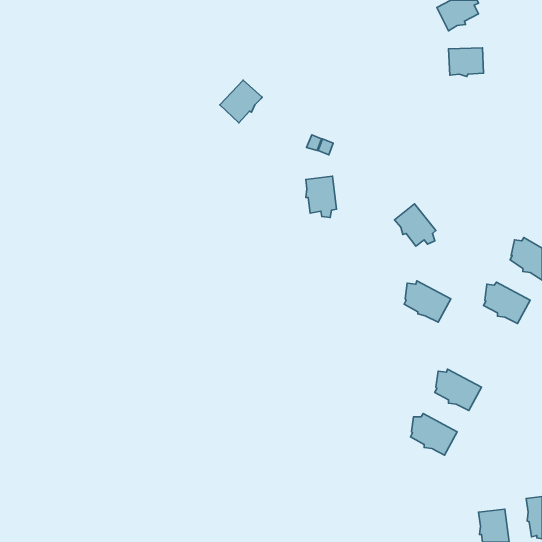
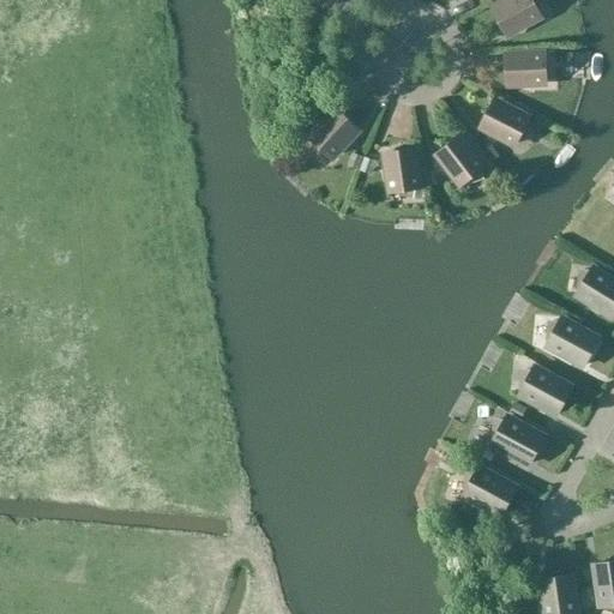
building: [220,80,262,123] -> [311,110,359,158]
building: none -> [482,101,529,144]
building: [306,176,337,218] -> [383,148,417,194]
building: [394,204,436,246] -> [438,137,484,185]
building: [404,281,451,322] -> [519,368,572,415]

